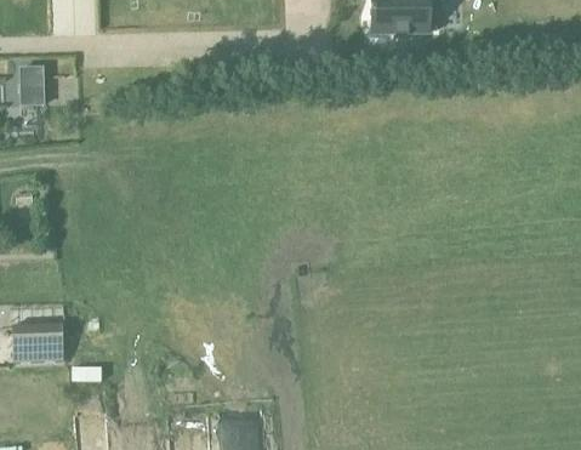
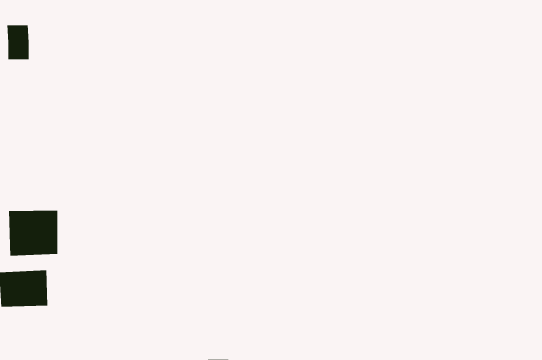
building: none -> [8,210,58,257]

